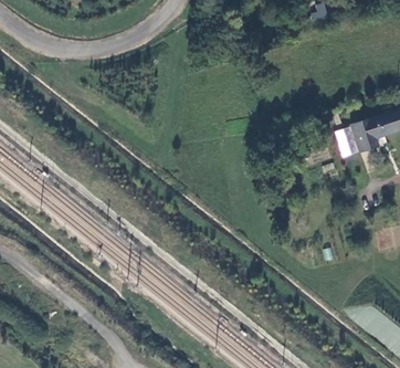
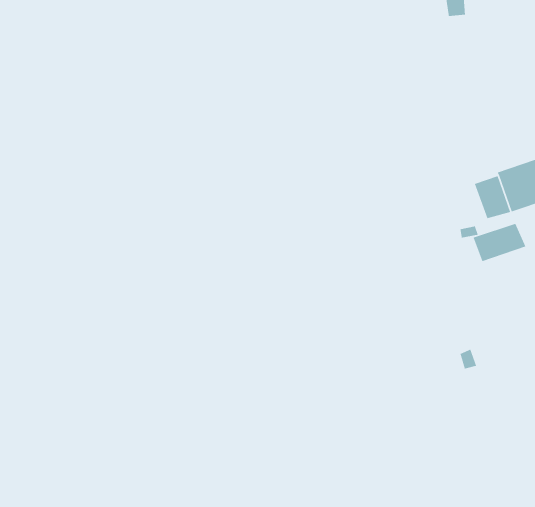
building: none -> [473,223,526,262]

